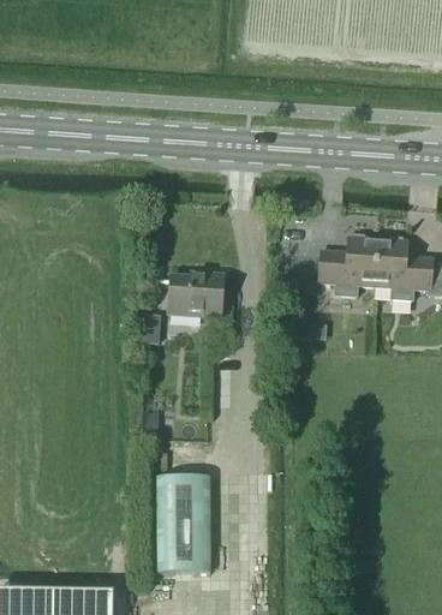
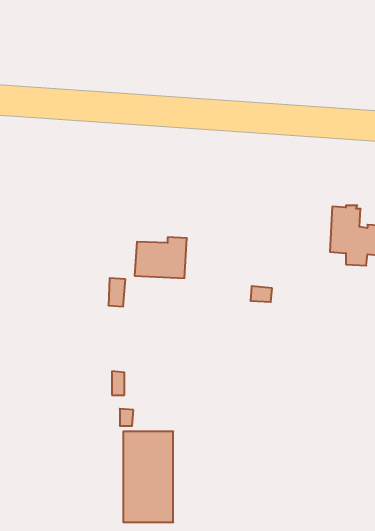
building: [319,233,378,297] -> none

